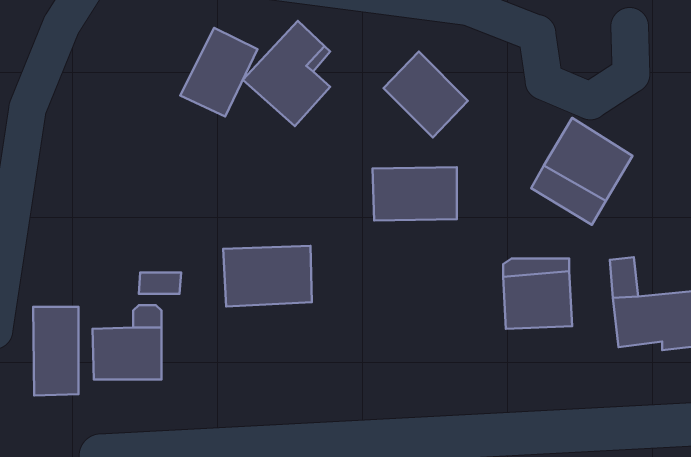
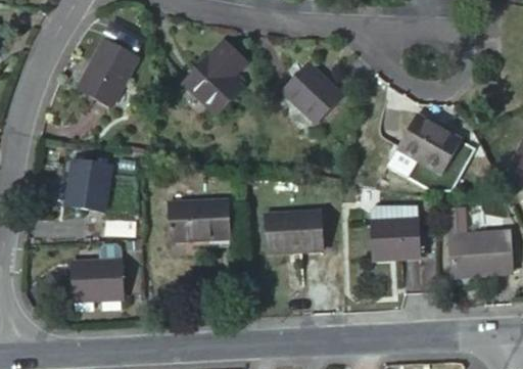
building: [180,28,258,117] -> [81,37,137,101]
building: [373,167,457,221] -> [265,215,326,253]
building: none -> [62,158,109,213]
building: [33,307,78,396] -> none

